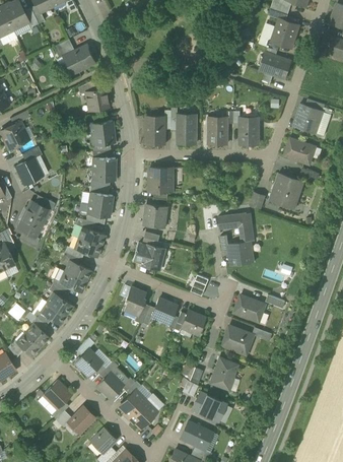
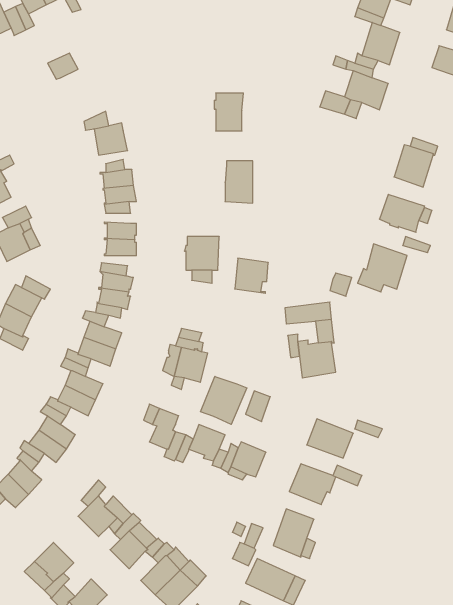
building: [62,45,95,74] -> none
building: [145,117,165,143] -> [214,93,243,131]
building: [208,117,227,144] -> none
building: [239,118,259,144] -> none
building: [144,203,167,227] -> [235,258,268,293]
building: none -> [201,376,247,424]

